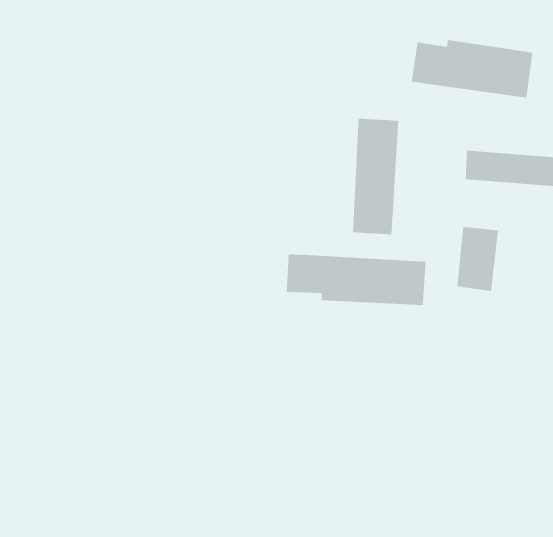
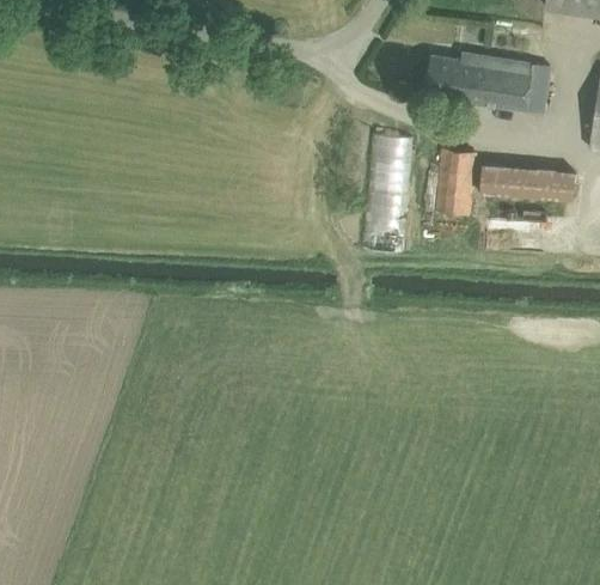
building: [457,227,499,291] -> [434,150,477,215]
building: [286,254,426,306] -> none

